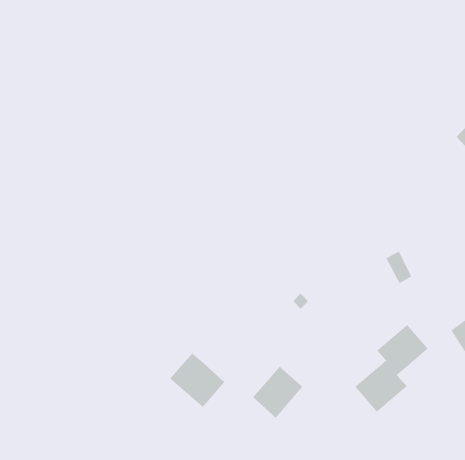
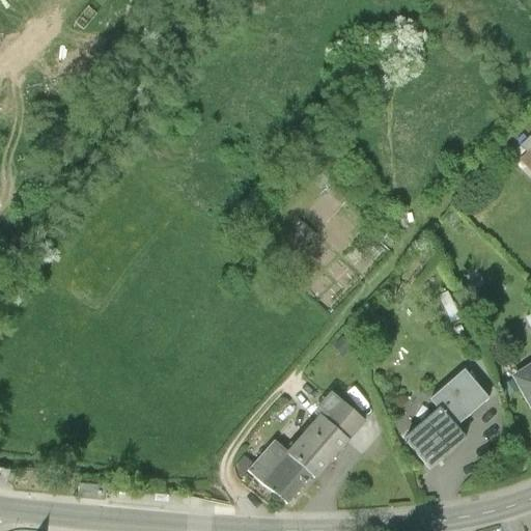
building: none -> [314,392,364,440]
building: [169,353,225,408] -> [248,439,311,501]

